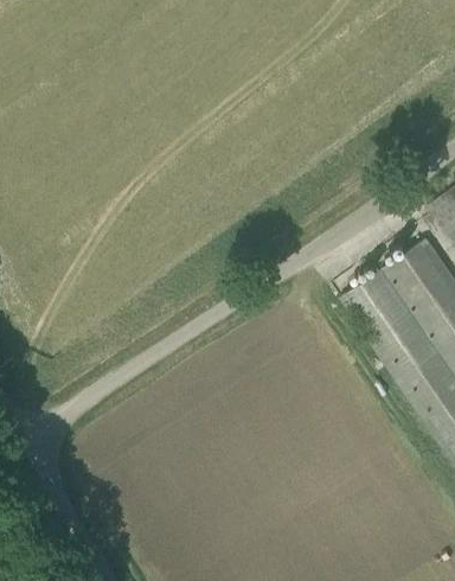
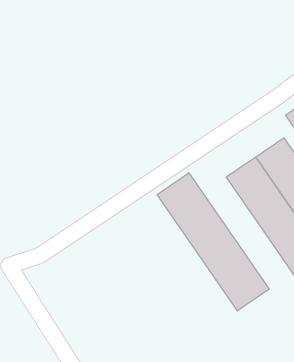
building: none -> [157,173,269,311]

